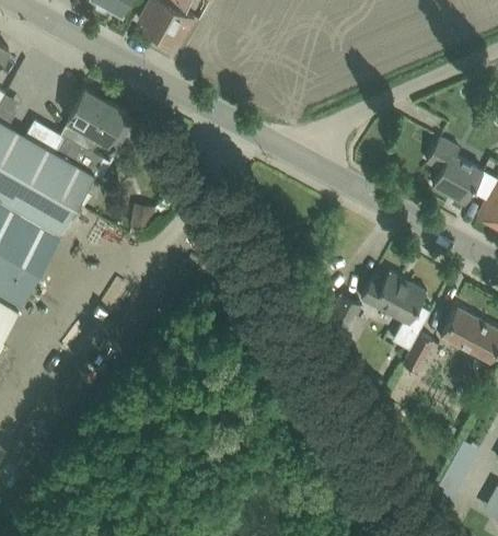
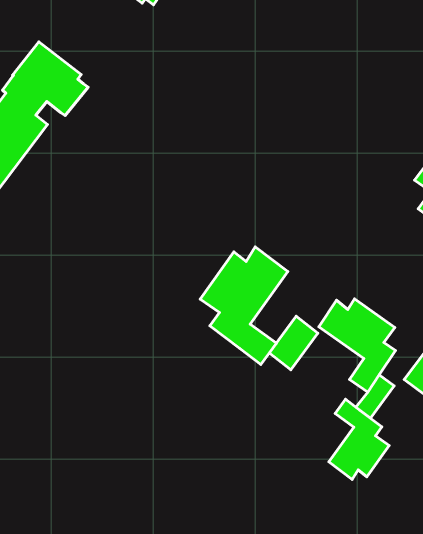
building: none -> [200,247,288,365]
building: none -> [329,399,389,480]

